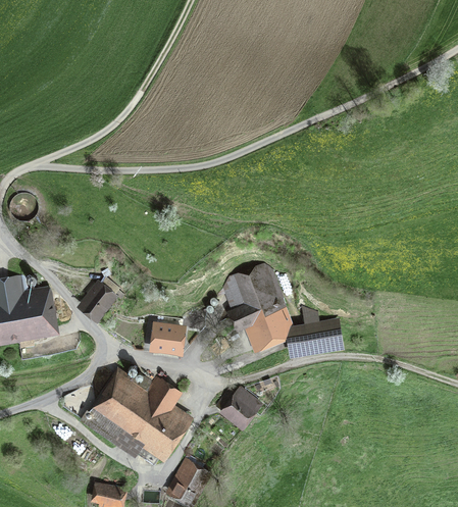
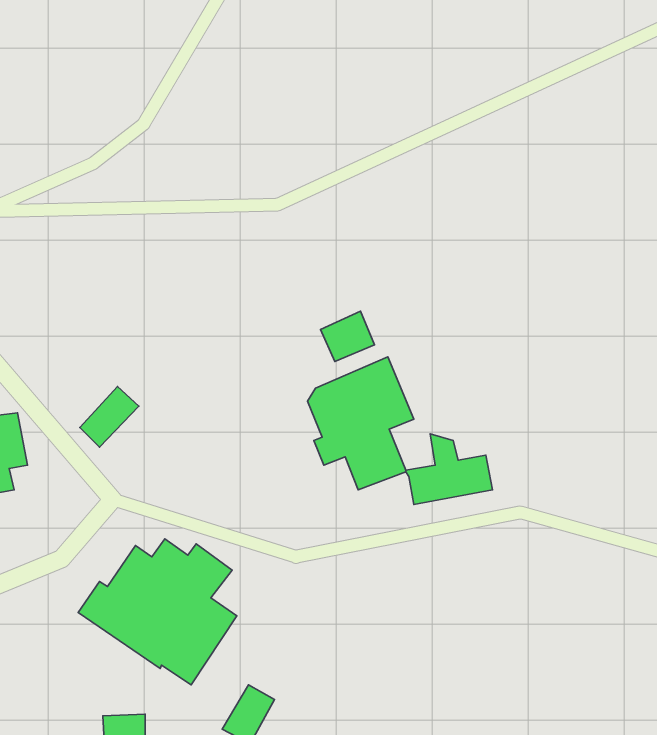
building: none -> [320,311,375,361]
building: [153,325,182,356] -> none
building: [216,388,257,422] -> none

